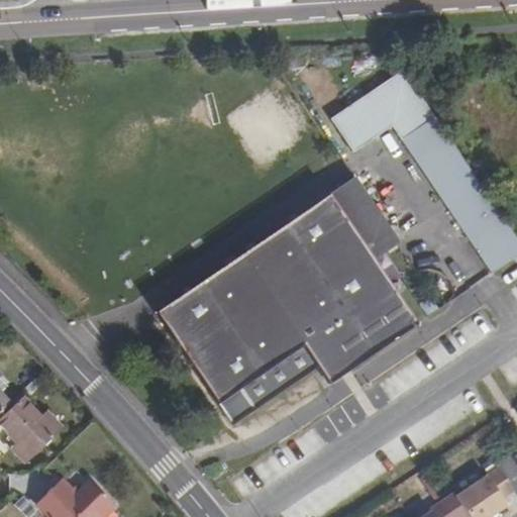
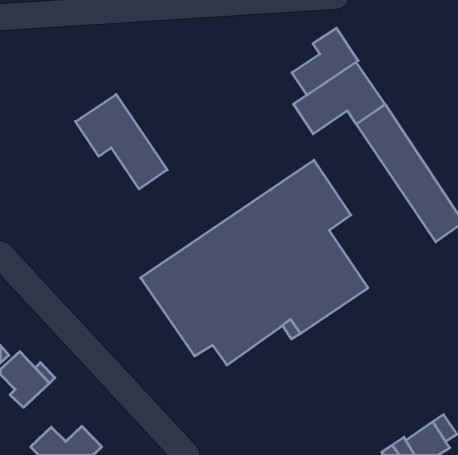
building: none -> [292,28,358,95]
building: none -> [75,94,167,189]

